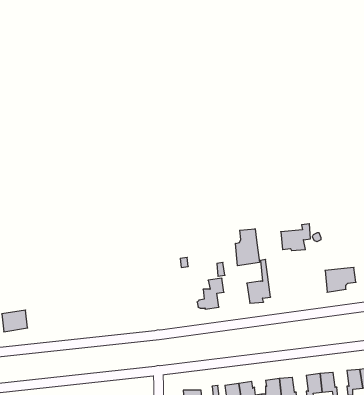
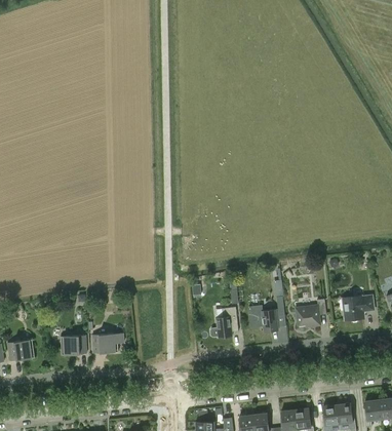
building: [281,224,310,251] -> [295,299,325,326]
building: [235,229,259,266] -> none
building: none -> [91,332,123,353]
building: none -> [60,335,86,354]

